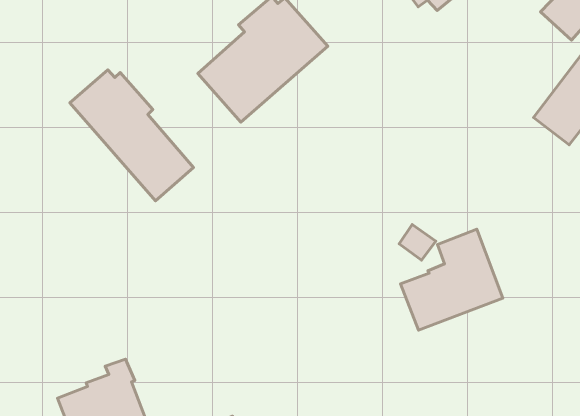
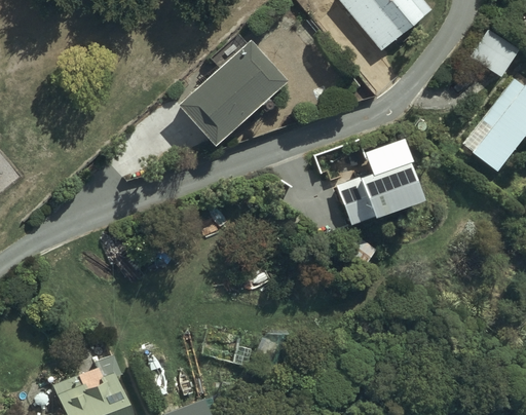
building: [70,70,194,201] -> none
building: [401,229,503,330] -> [338,144,426,231]

